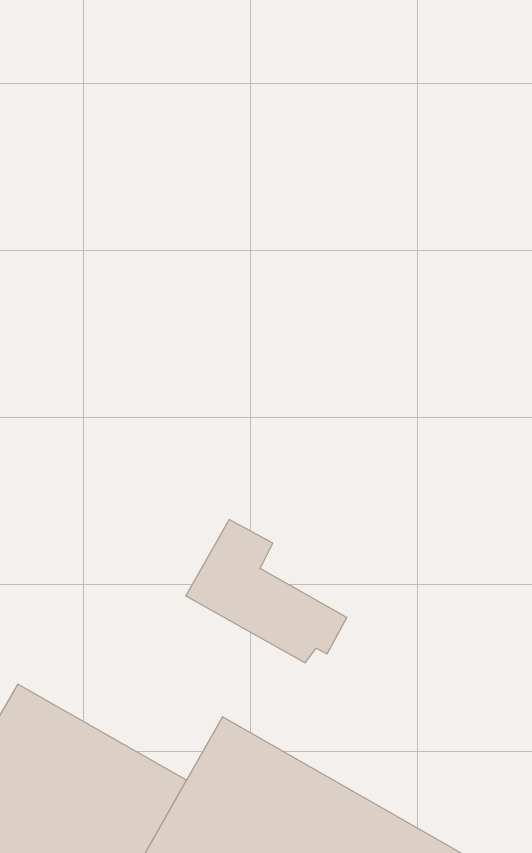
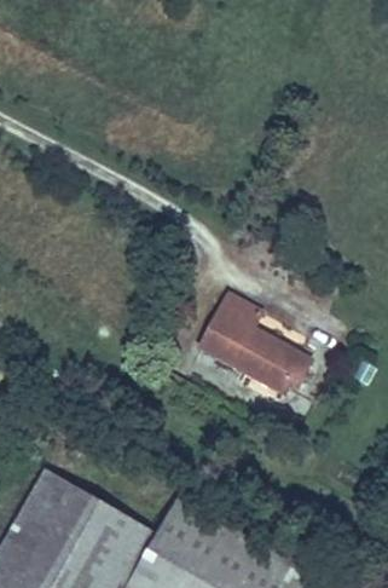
building: [186,520,347,663] -> [203,298,311,393]

